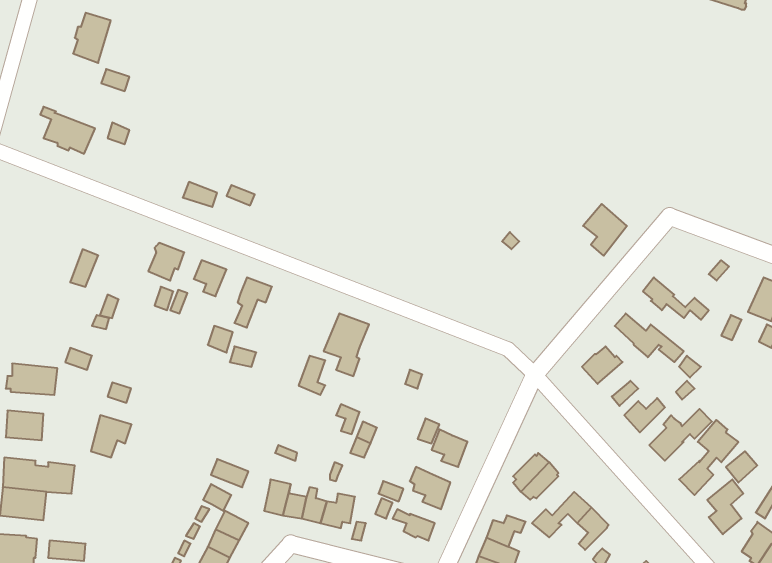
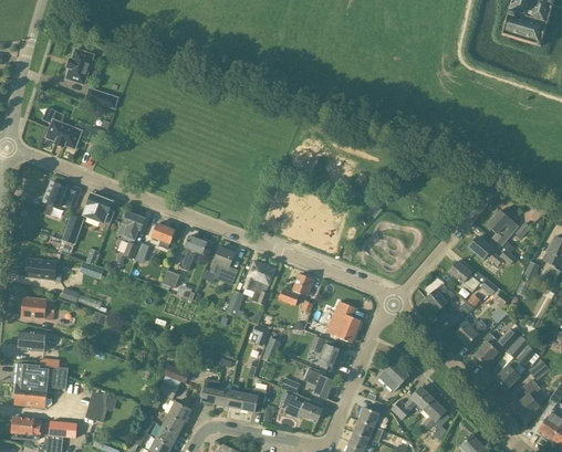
building: none -> [43,181,81,209]
building: [583,204,627,256] -> [487,209,518,245]
building: none -> [83,192,112,223]
building: none -> [202,246,238,285]
building: none -> [25,259,61,281]
building: none -> [279,273,313,306]
building: none -> [326,301,361,343]
building: [91,415,132,457] -> [89,392,117,422]

